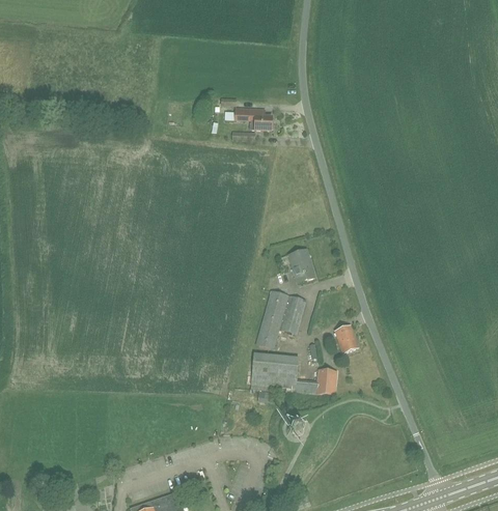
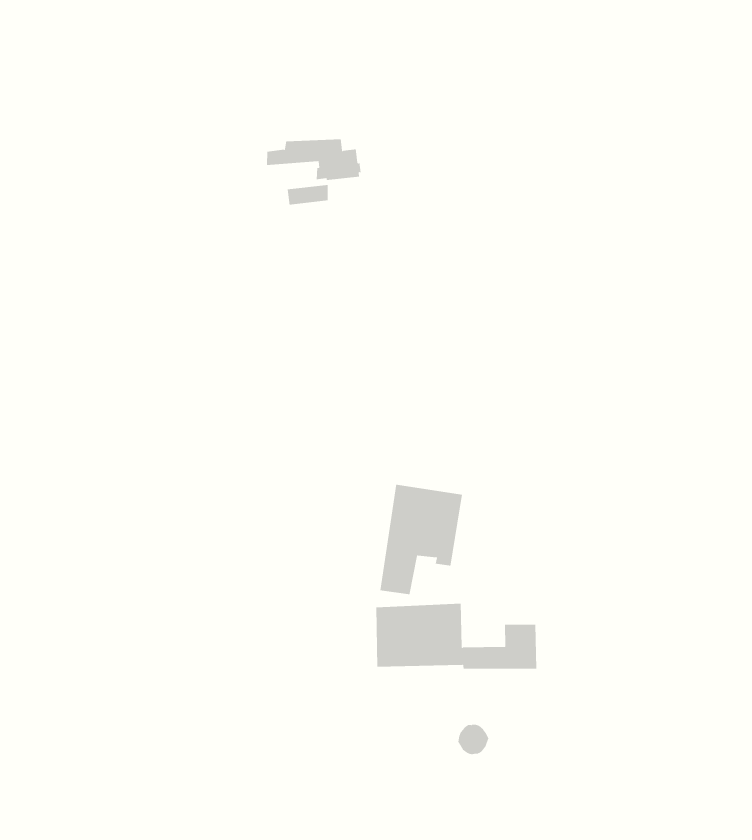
building: [289,250,315,283] -> none
building: [335,325,359,354] -> none

